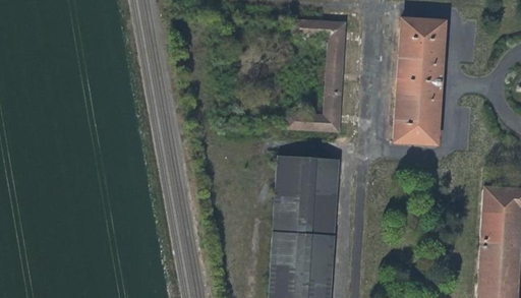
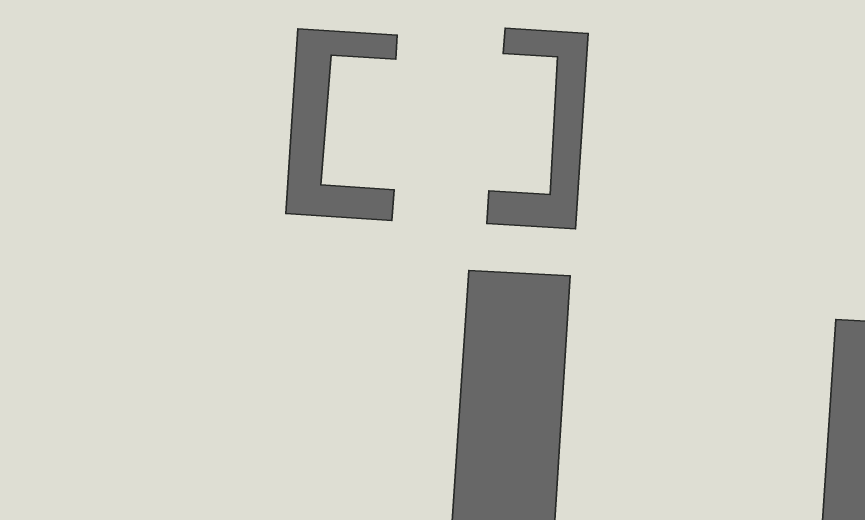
building: [394,15,446,144] -> none
building: none -> [286,29,397,221]

